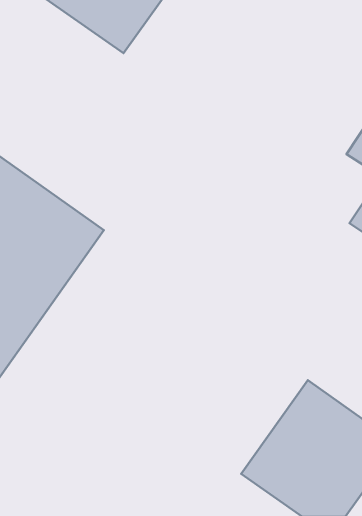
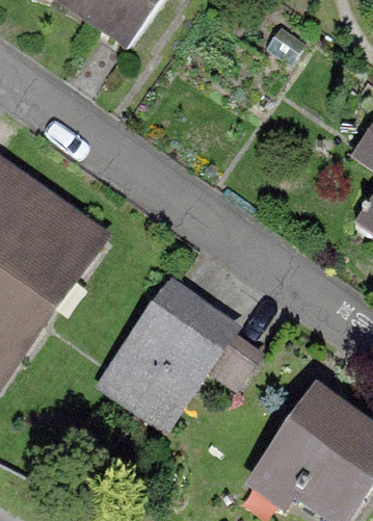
building: none -> [94,276,234,426]

